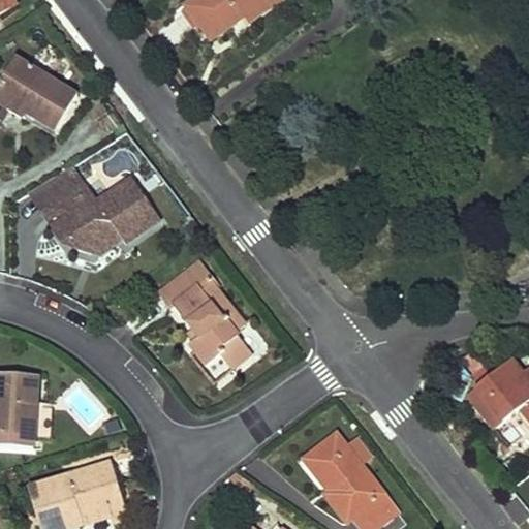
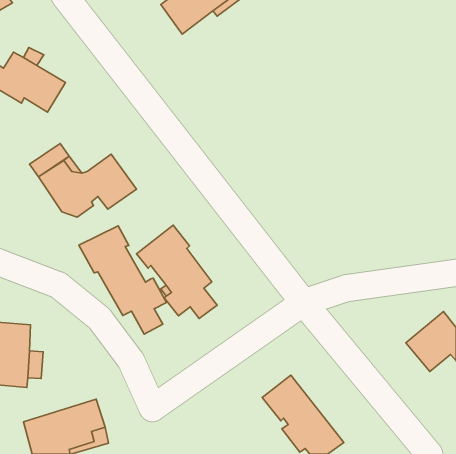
building: none -> [79,226,166,334]

